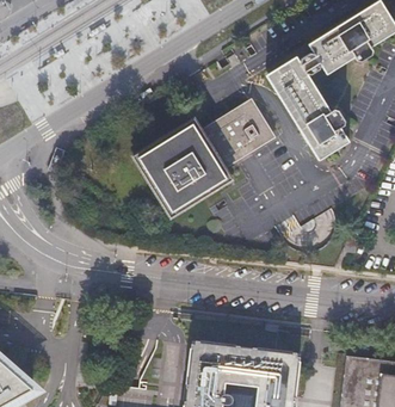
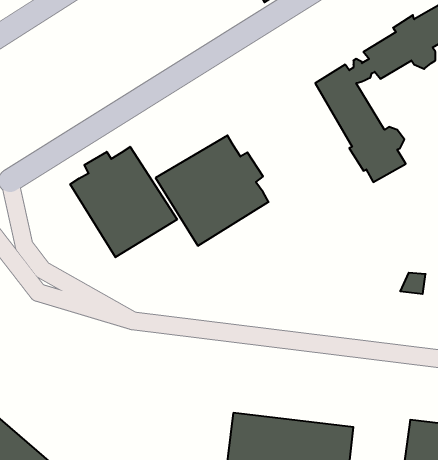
building: [198,93,276,165] -> none
building: none -> [70,147,177,257]

